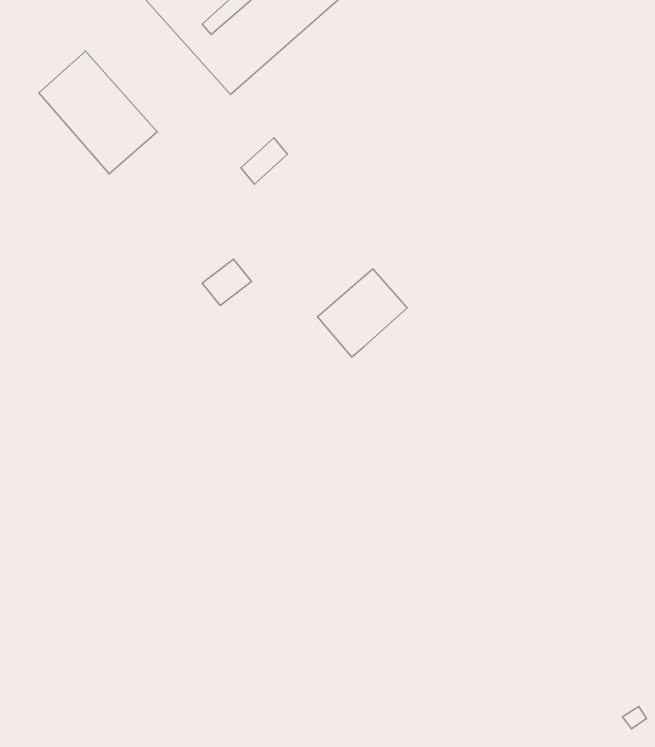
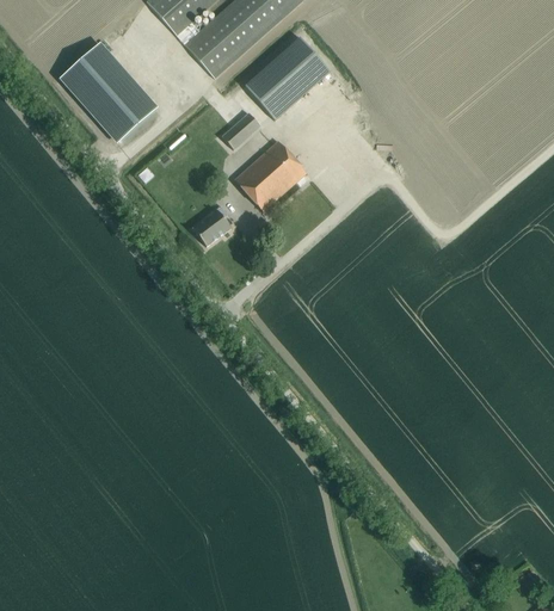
building: none -> [244,37,330,119]
building: [317,269,407,357] -> [234,141,306,211]

